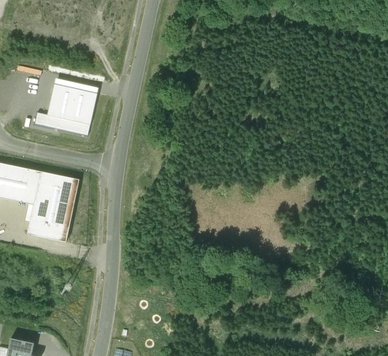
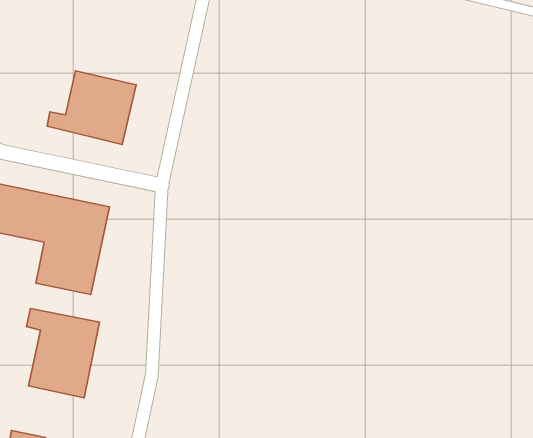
building: none -> [26,309,100,398]

